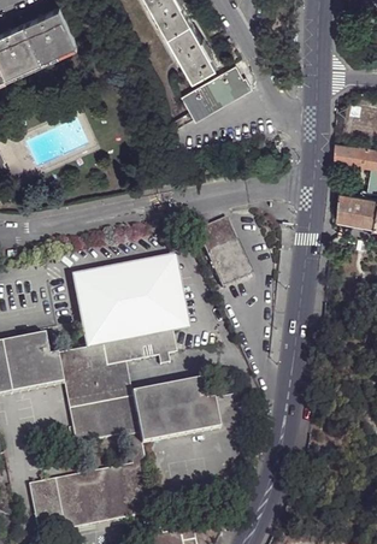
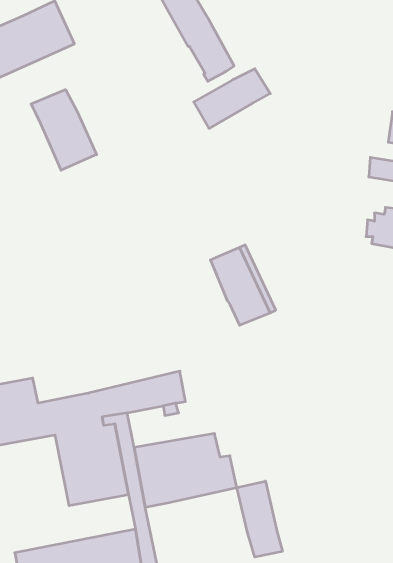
building: none -> [31,90,97,170]
building: [78,261,181,345] -> none
building: none -> [237,481,282,557]

